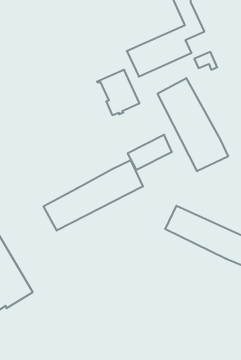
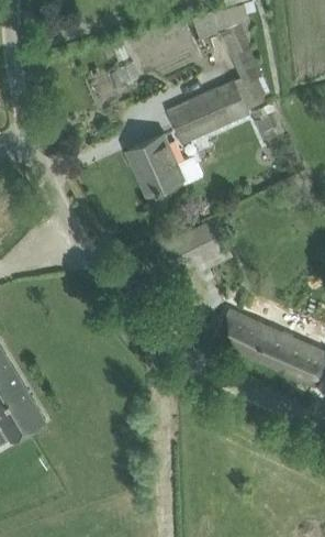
building: [158,78,228,171] -> none
building: [44,160,143,231] -> none

